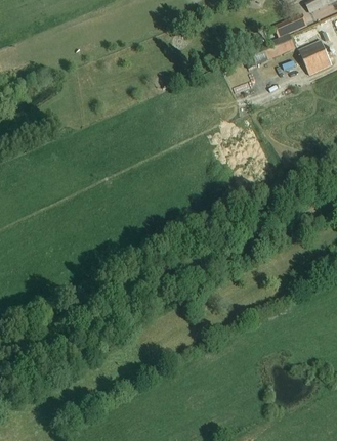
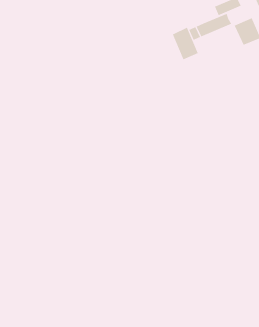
building: none -> [172,27,199,60]

